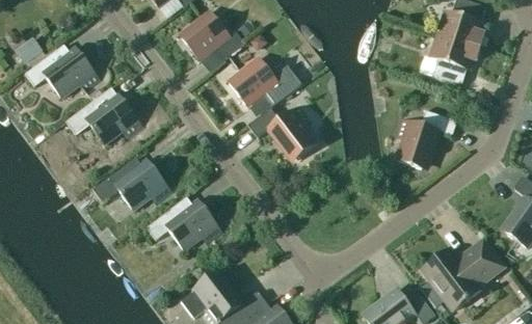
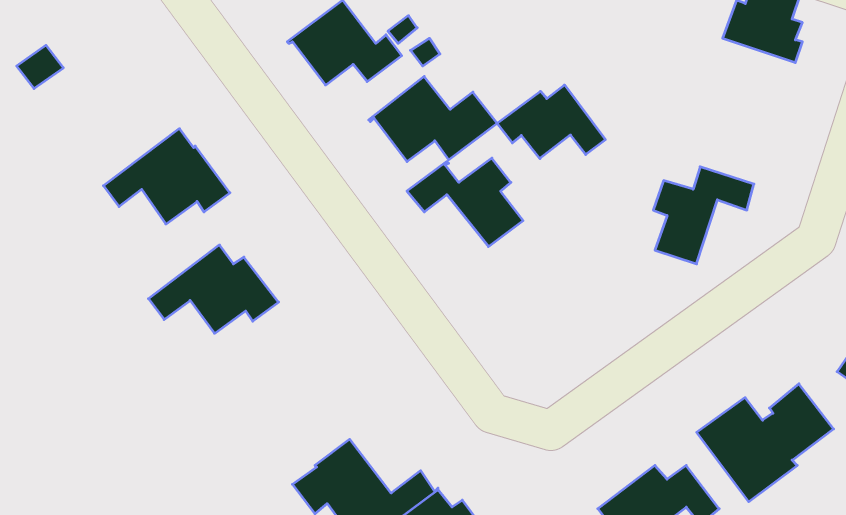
building: [430,33,481,83] -> none
building: [26,45,100,98] -> none
building: none -> [497,85,605,159]
building: [147,197,222,250] -> none

